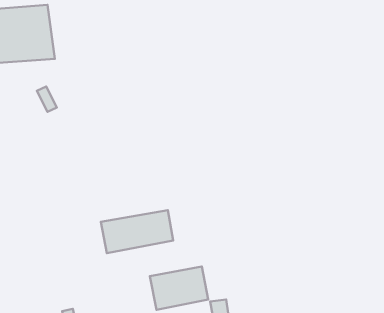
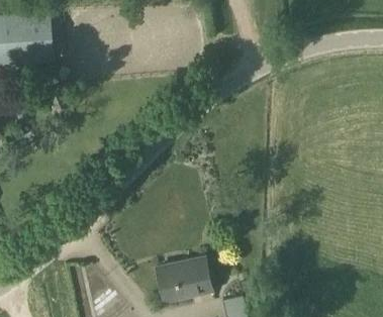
building: [101,210,173,253] -> none

